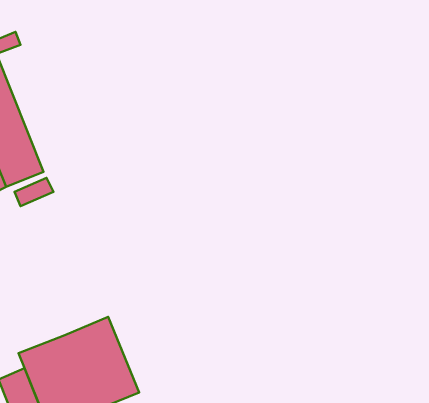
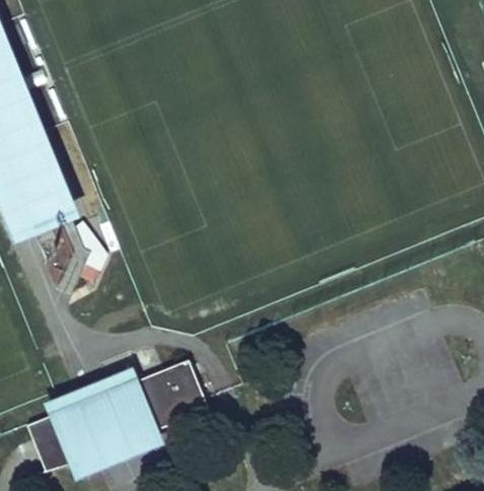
building: none -> [140,359,208,429]

